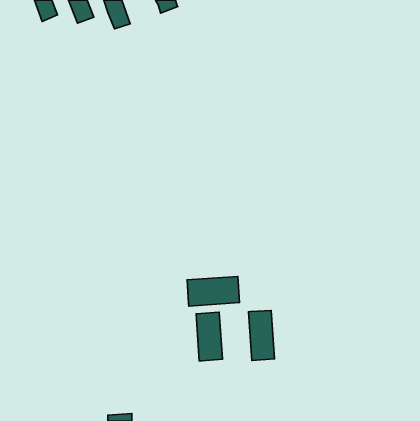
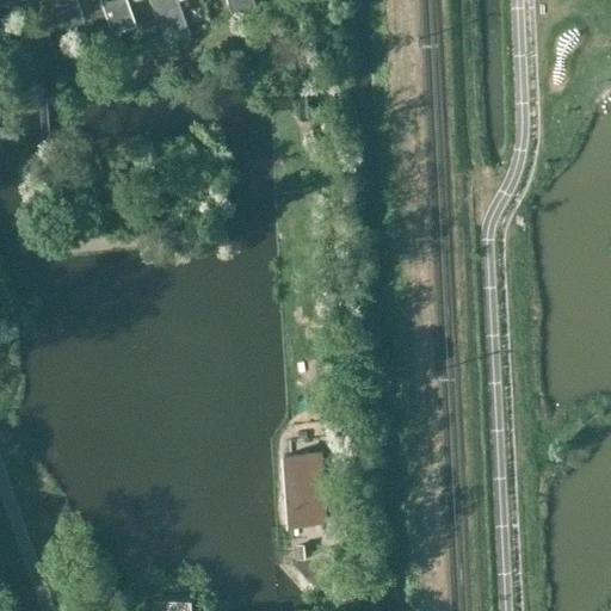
building: [187,276,240,306] -> none
building: [248,310,275,360] -> none

